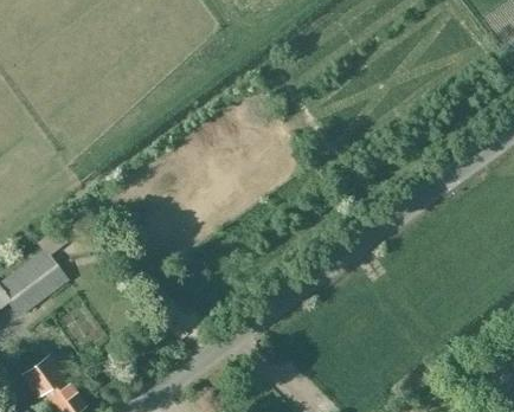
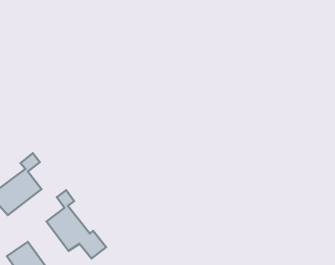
building: none -> [46,190,106,258]

